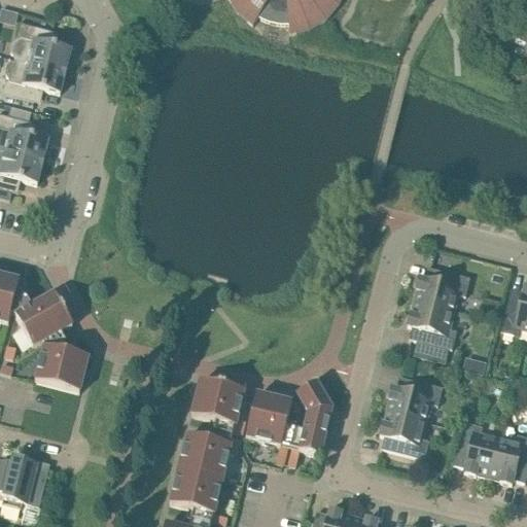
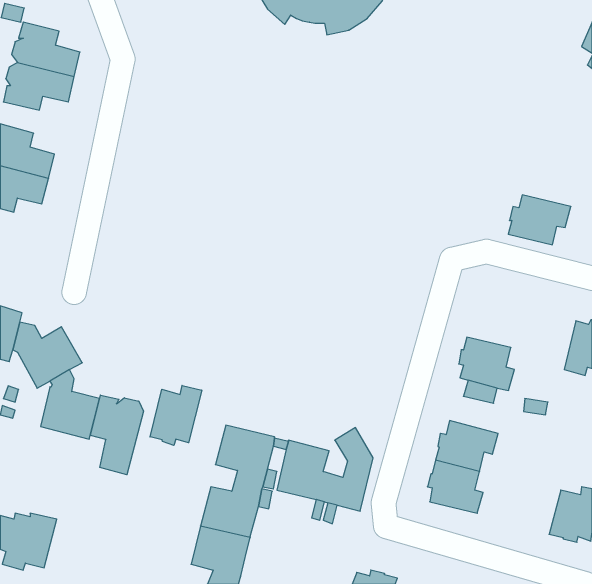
building: [415,265,470,309] -> [508,195,571,245]
building: none -> [150,385,202,445]
building: none -> [90,395,144,475]
building: [453,419,498,475] -> none

